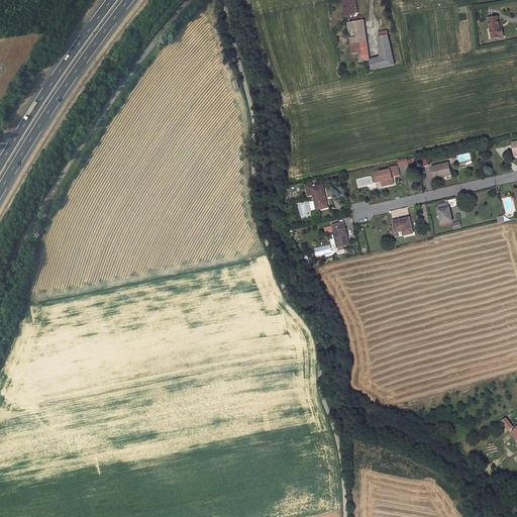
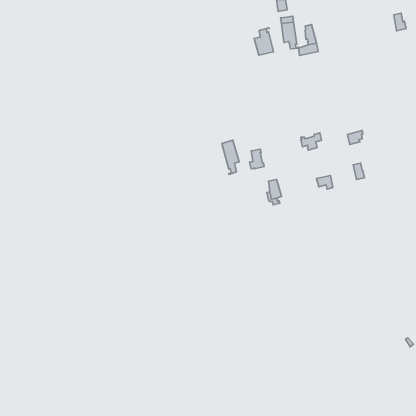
building: none -> [254,28,274,55]
building: none -> [222,140,239,174]

